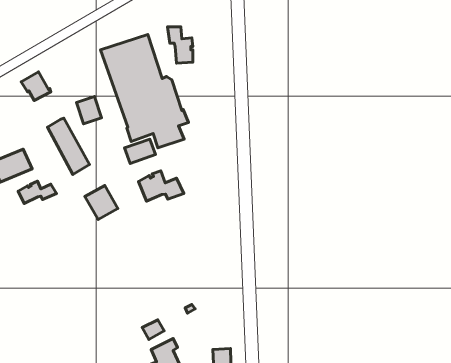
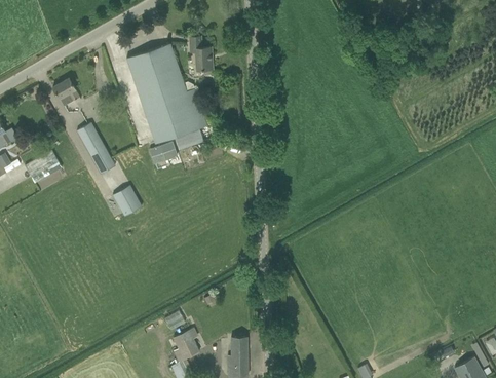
building: [76,96,102,124] -> none
building: [138,171,184,201] -> none
building: [18,181,57,203] -> none

